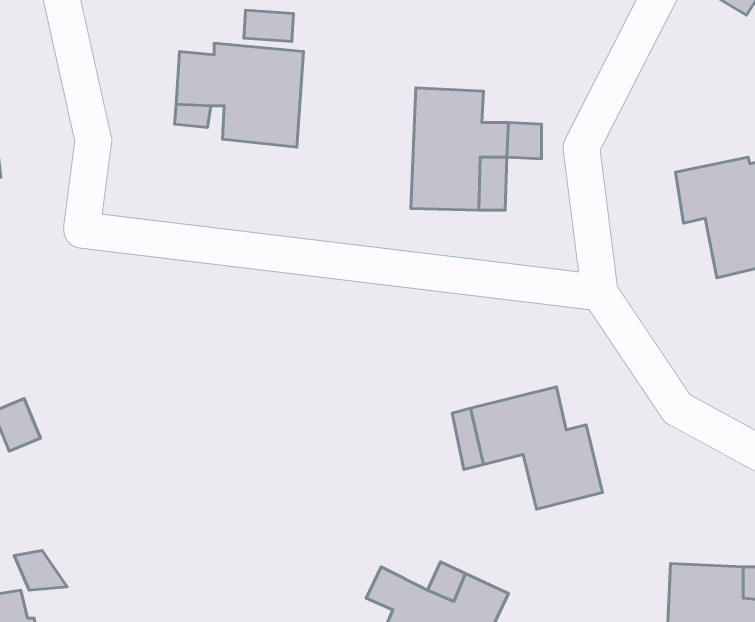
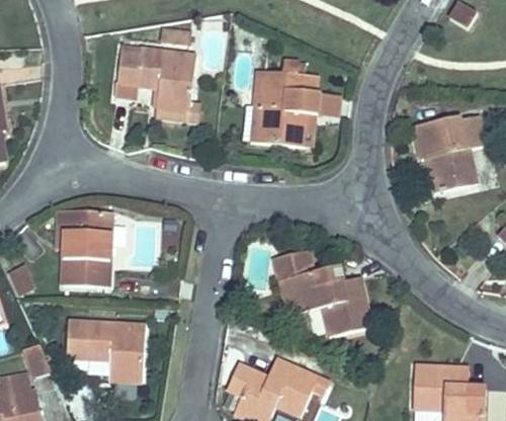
building: none -> [65,212,111,287]
building: none -> [68,320,142,381]

